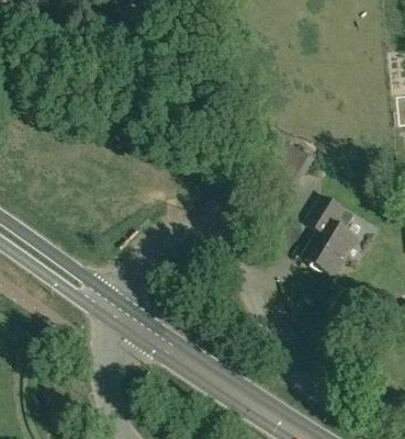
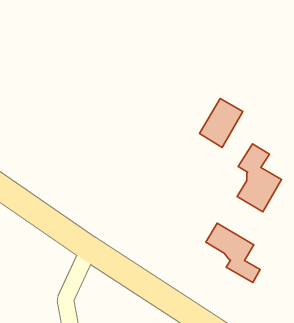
building: none -> [206,223,260,282]

